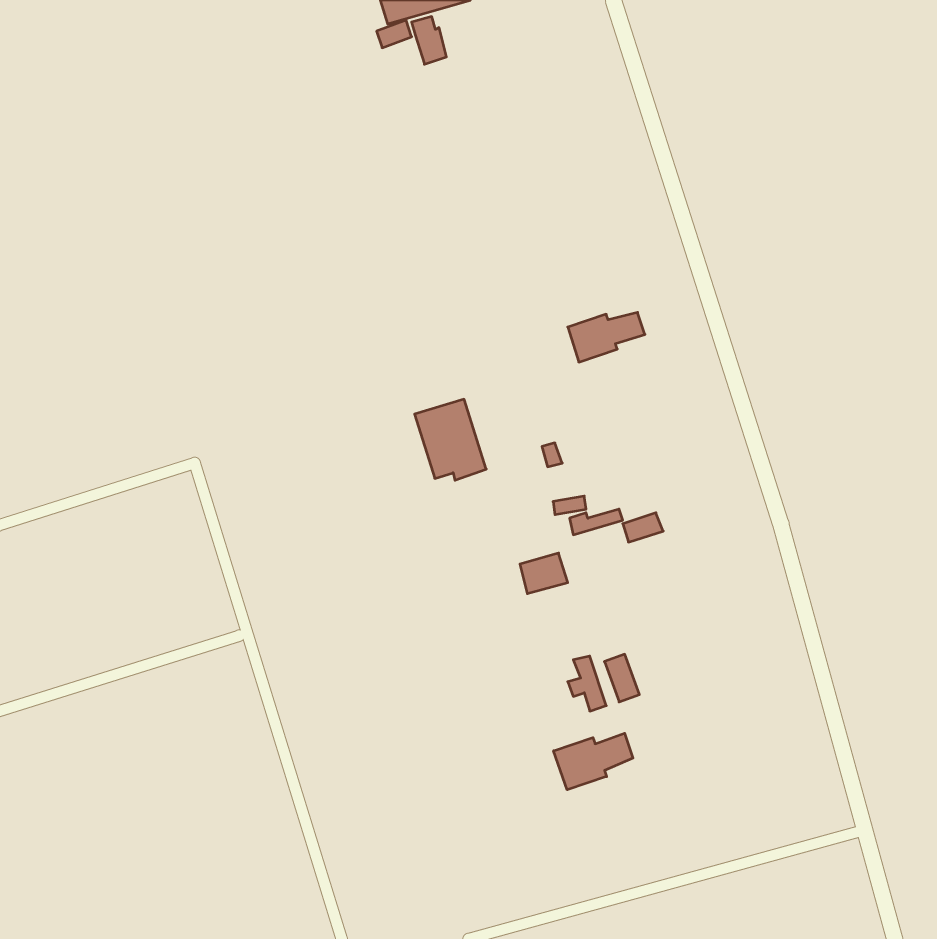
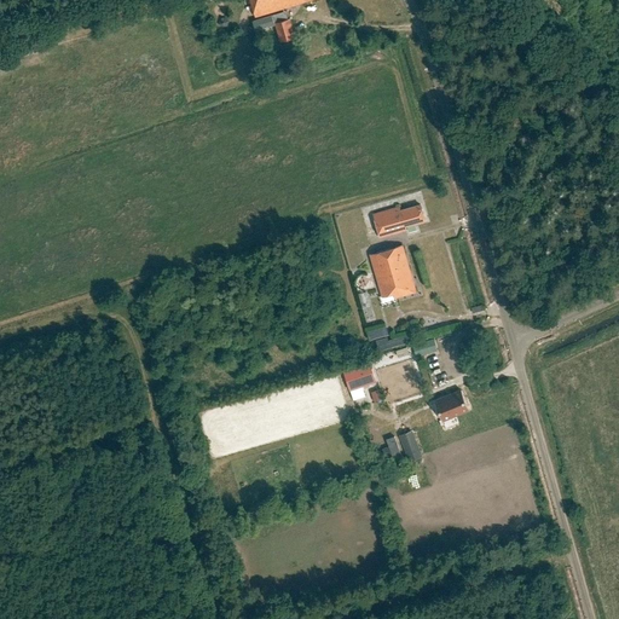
building: [415,399,486,480] -> [370,245,417,299]
building: none -> [434,392,467,421]
building: [554,733,633,790] -> none

